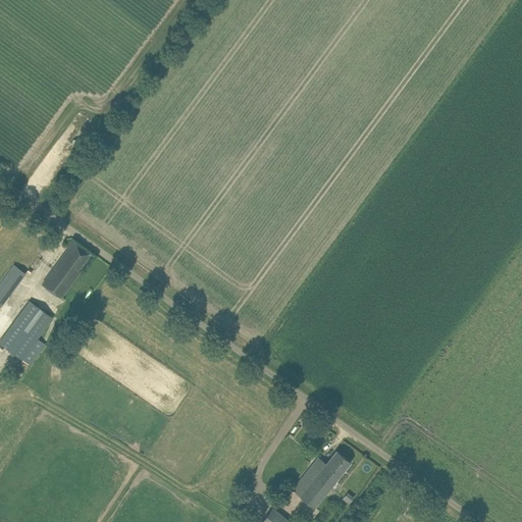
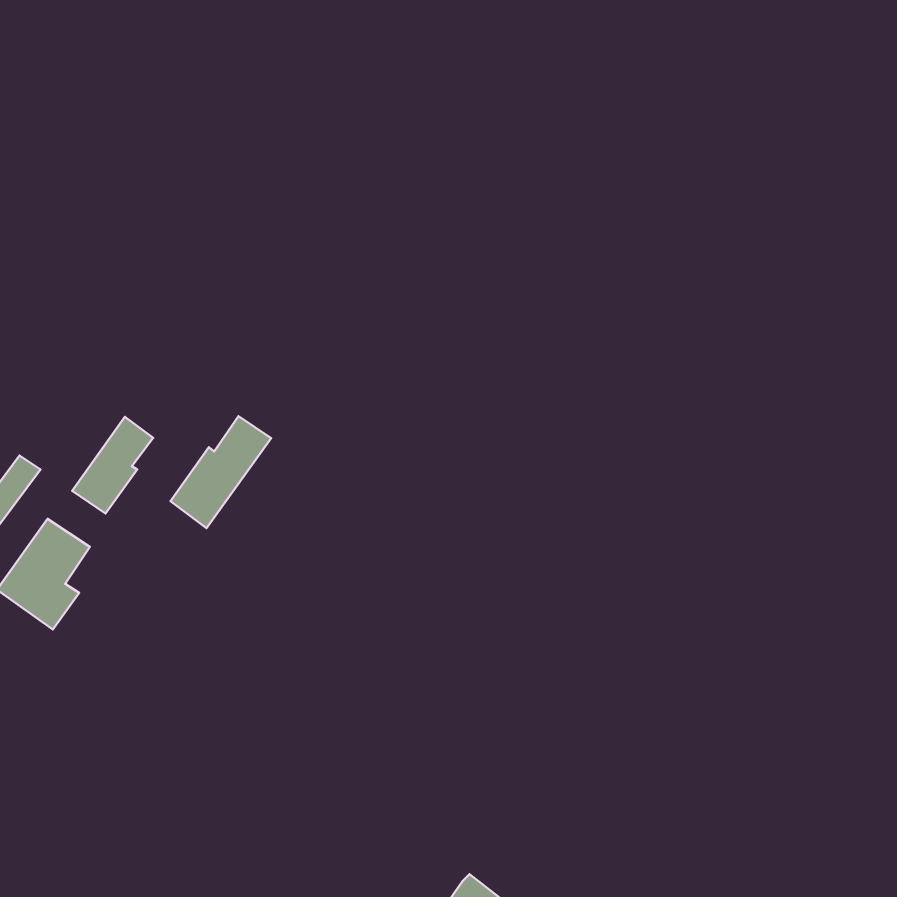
building: none -> [170,416,271,528]
building: [292,451,350,508] -> none

